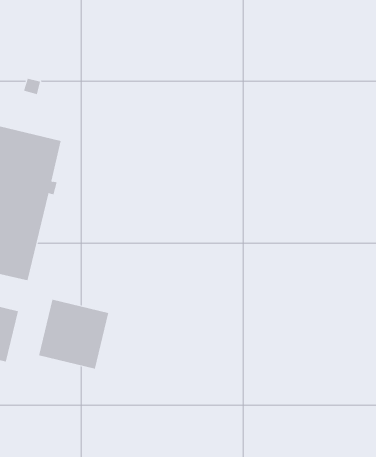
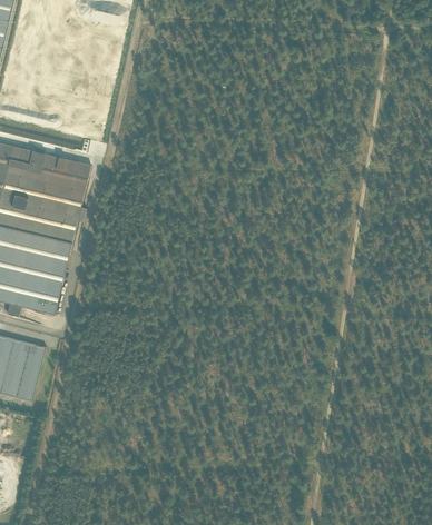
building: [39,299,109,369] -> none

